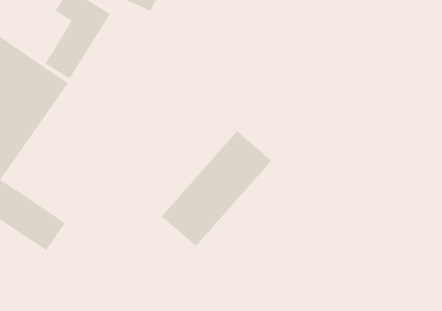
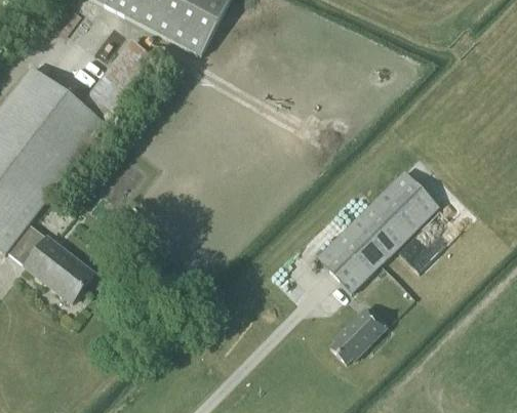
building: [161,130,272,247] -> [314,172,436,293]
building: none -> [327,307,384,363]

